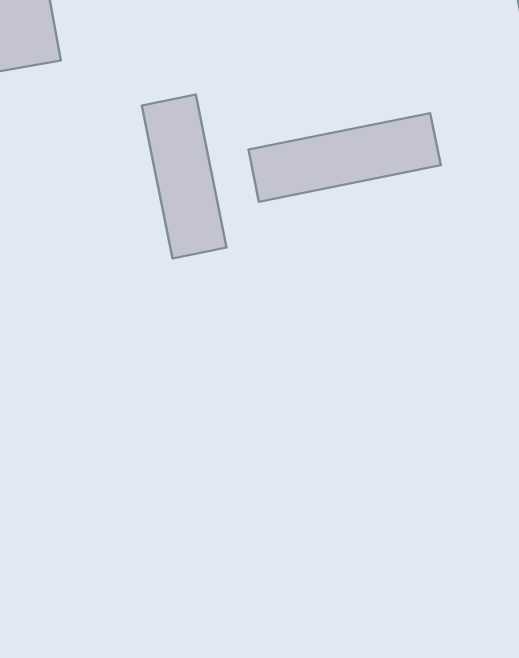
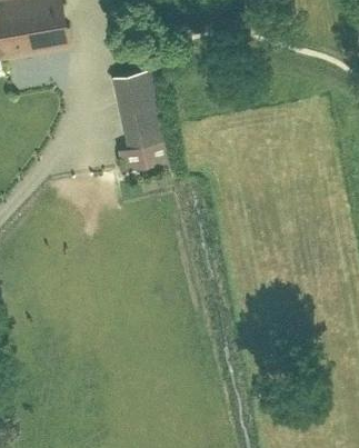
building: [249,113,441,202] -> none

